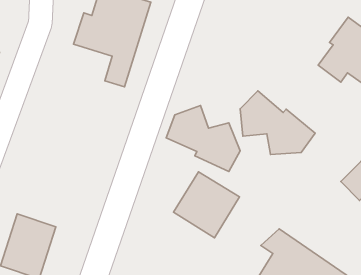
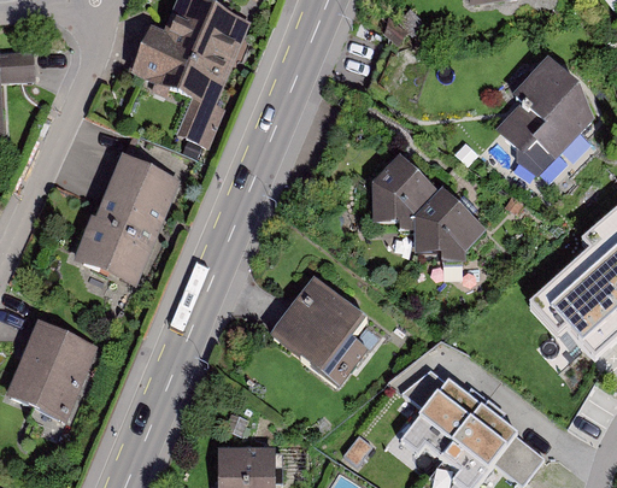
building: none -> [78,155,180,281]
building: [166,106,240,172] -> none

